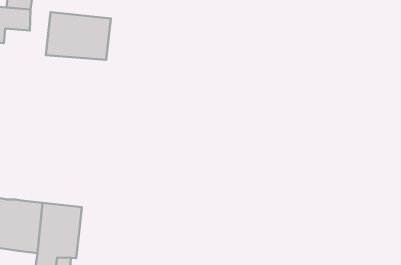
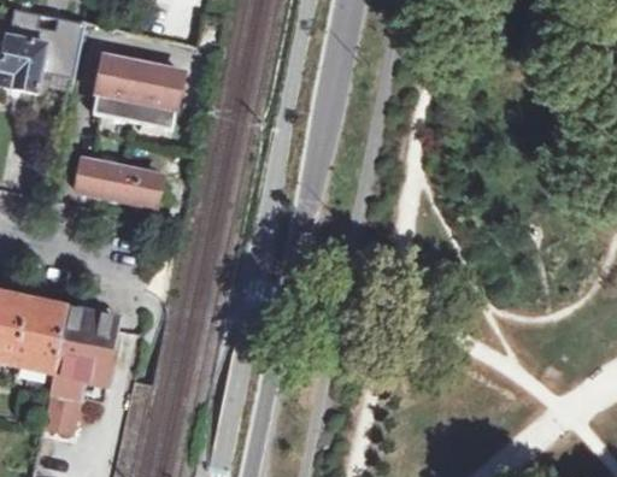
building: none -> [76,157,160,204]

